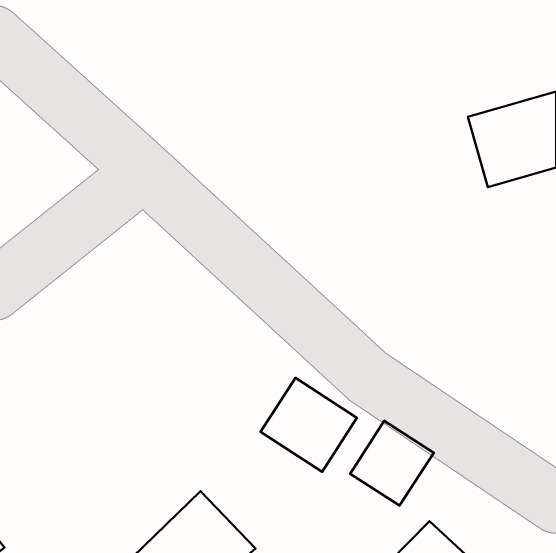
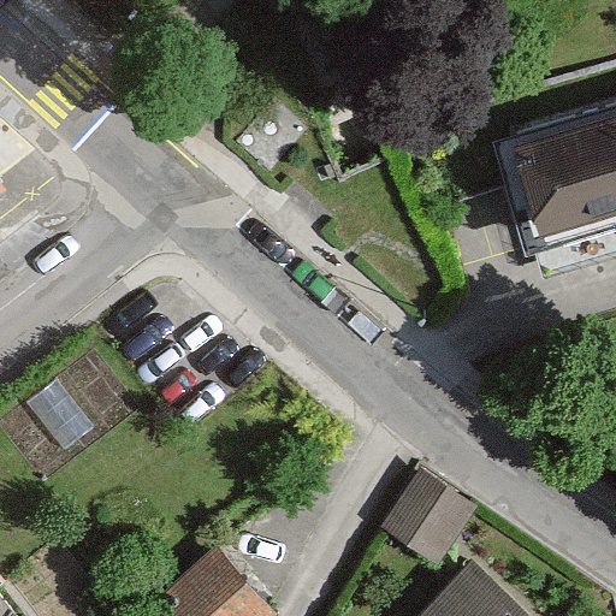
building: [261,378,357,472] -> none

